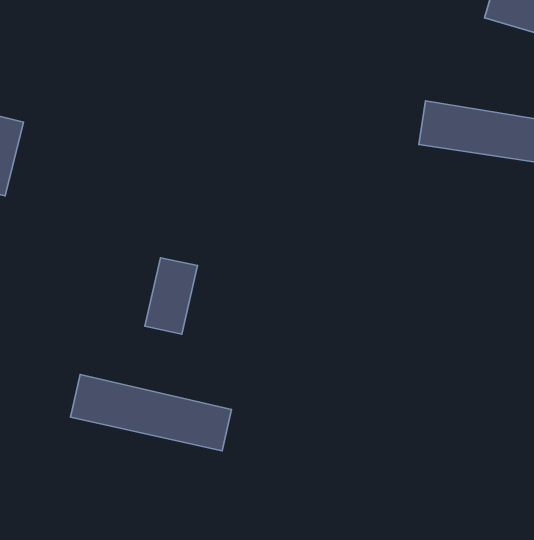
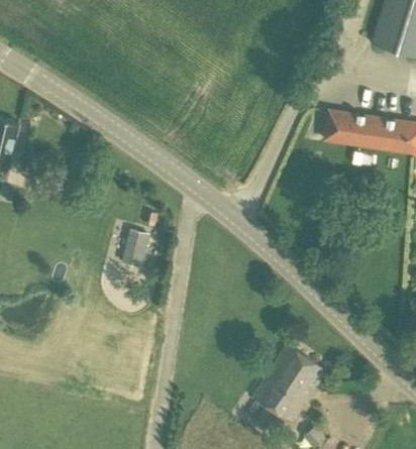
building: [70,375,232,451] -> none
building: none -> [253,345,325,422]

